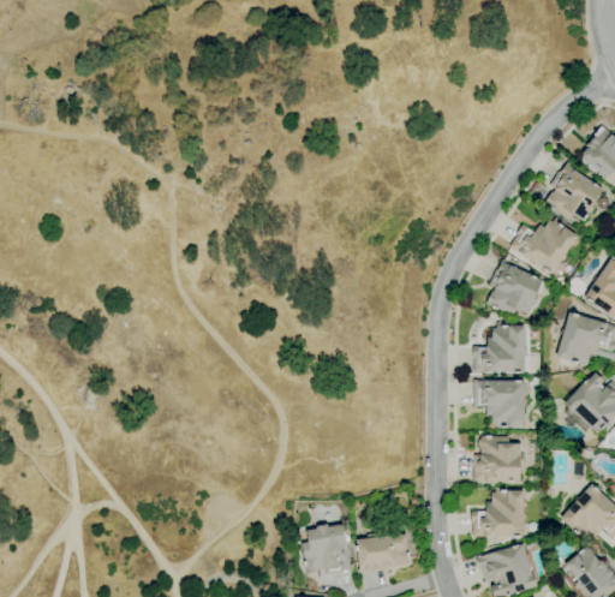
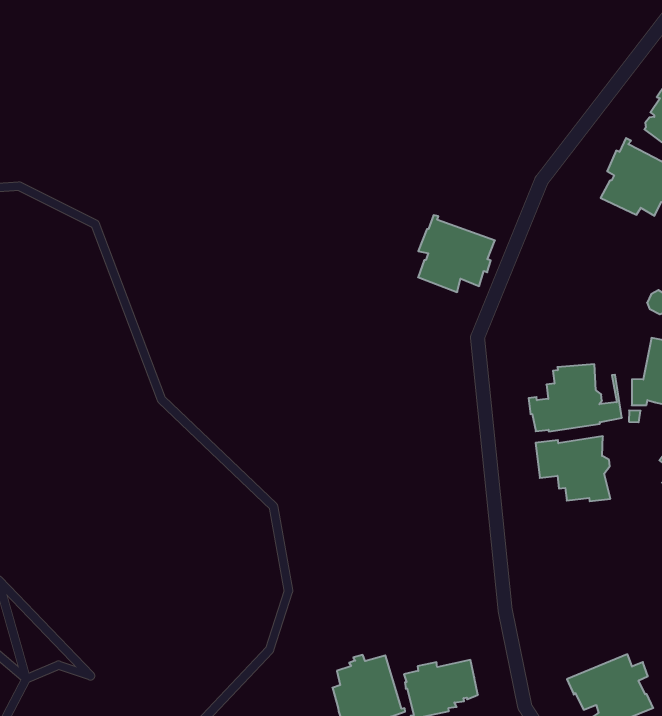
building: [512,220,580,275] -> none
building: [488,259,548,318] -> [418,215,495,292]
building: [477,436,525,482] -> none
building: [473,491,527,537] -> none

